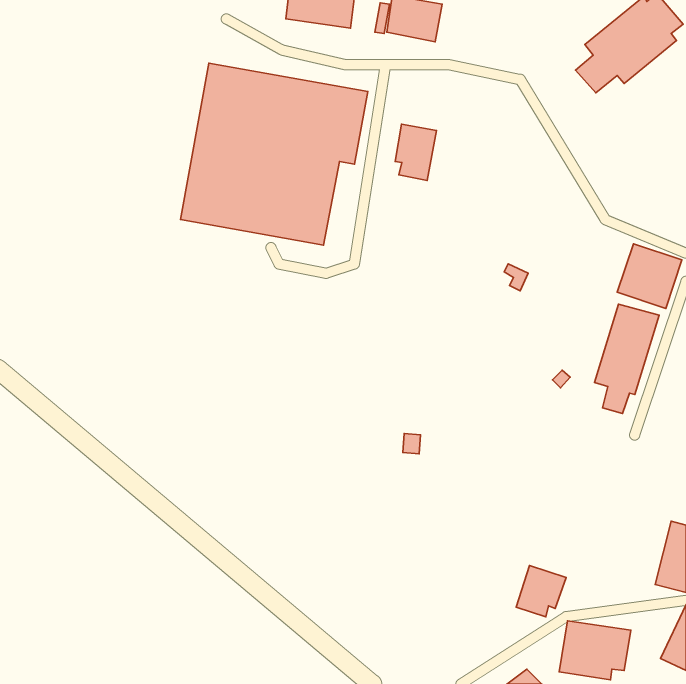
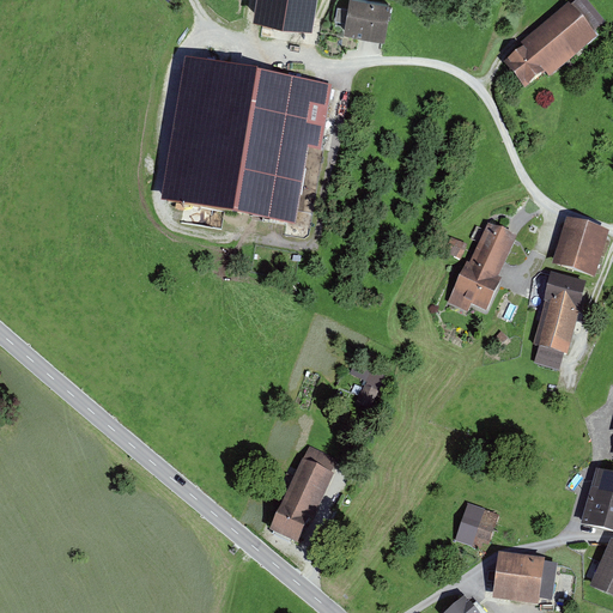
building: [395,124,437,180] -> none
building: none -> [445,224,518,311]
building: none -> [273,444,339,538]

